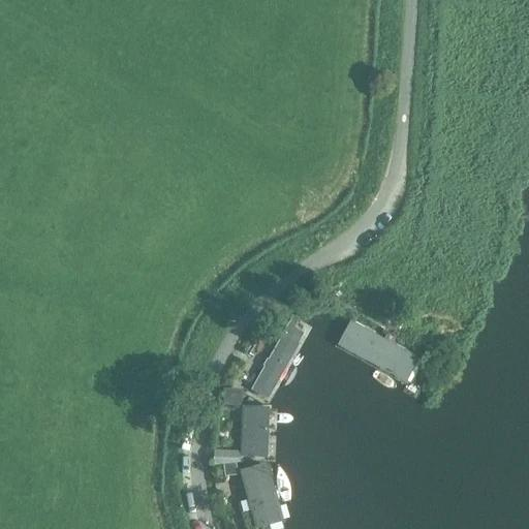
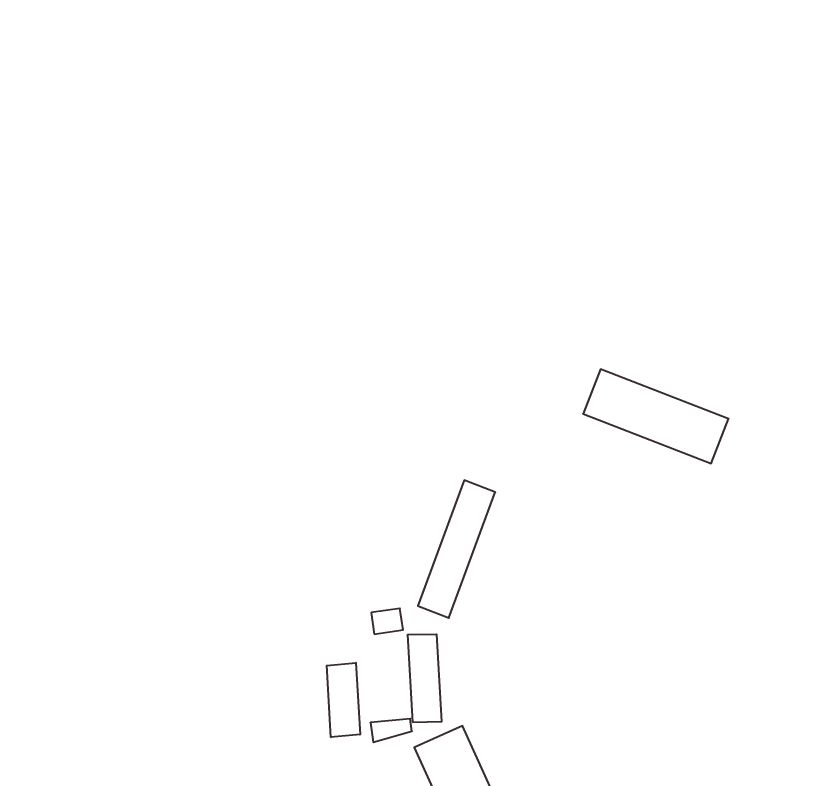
building: [341,318,423,380] -> [583,369,729,463]
building: none -> [327,663,360,737]

